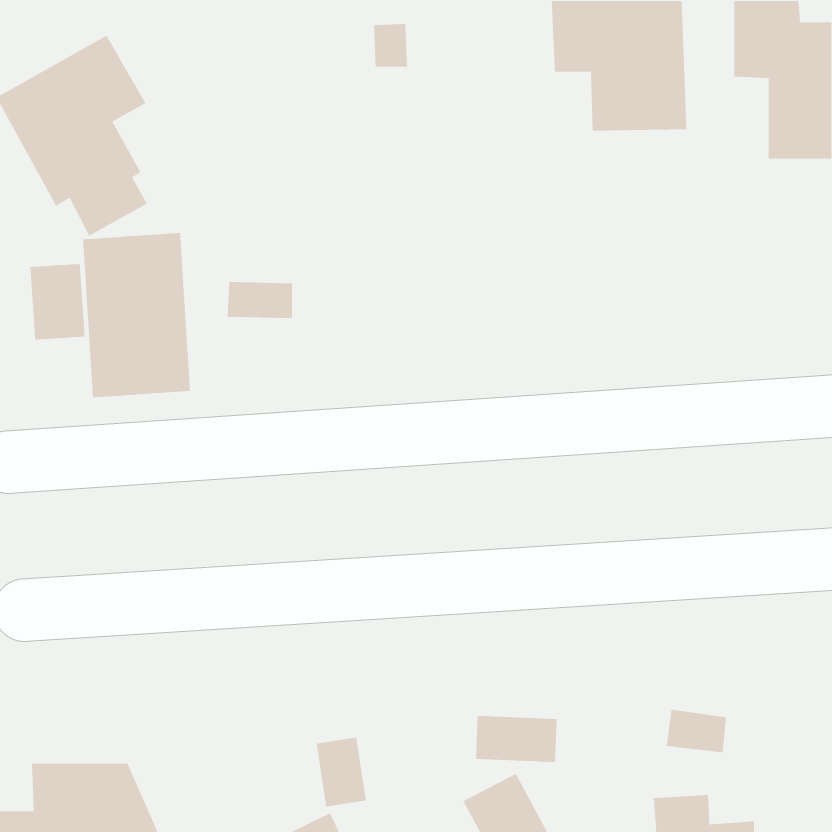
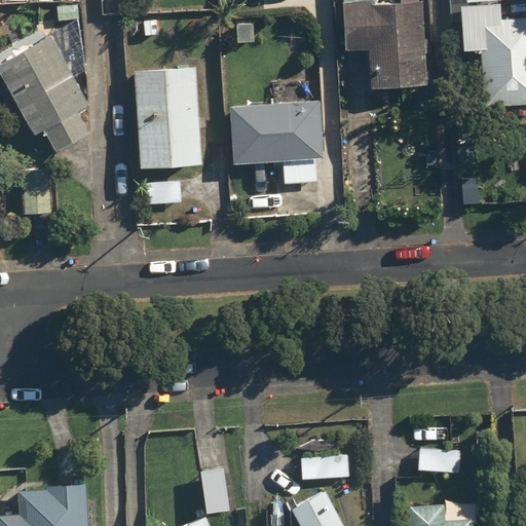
building: none -> [228,86,321,189]
building: [82,232,191,398] -> [136,67,203,171]

